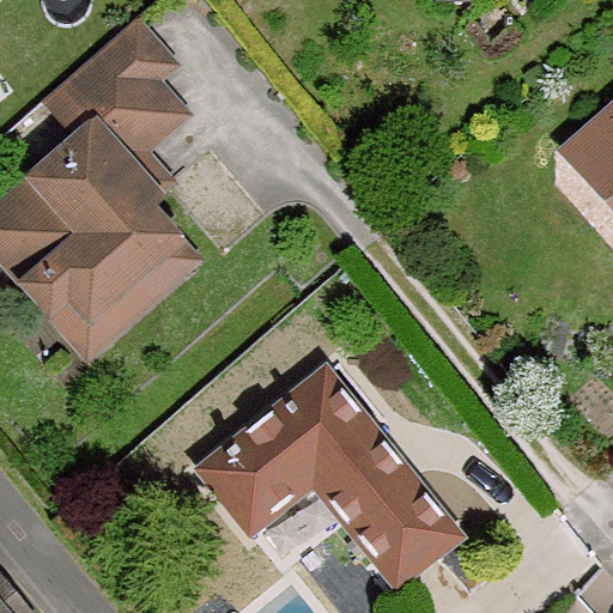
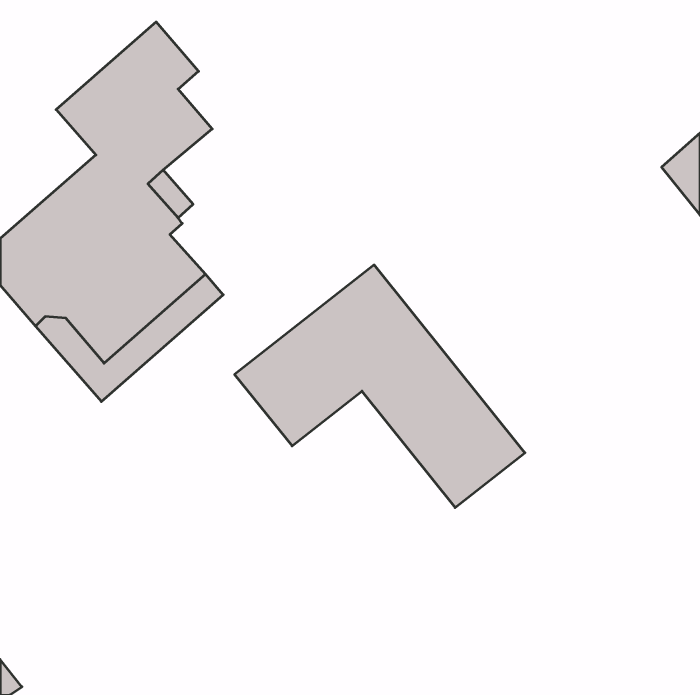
building: [205,371,459,583] -> [235,265,525,508]

